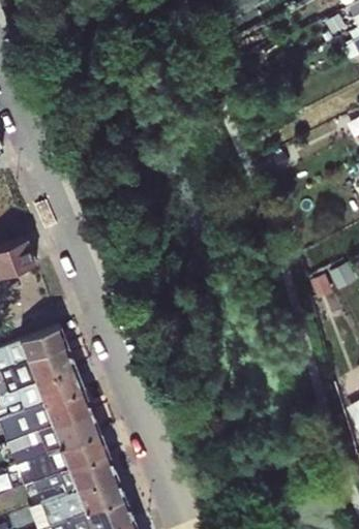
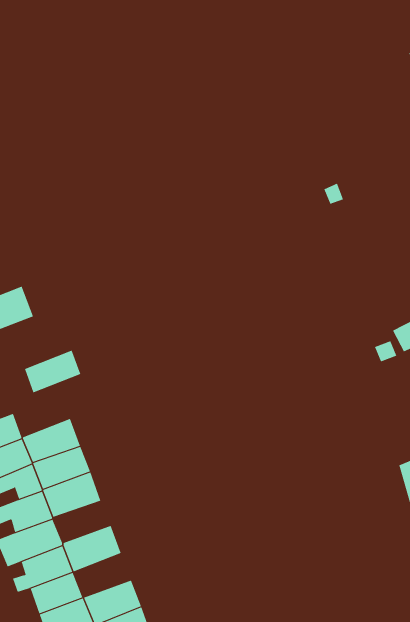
building: [21,324,67,360] -> [24,350,81,393]
building: [53,411,100,445] -> none
building: [69,454,117,490] -> none

